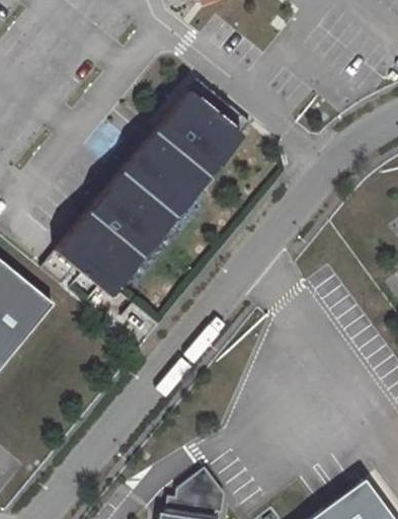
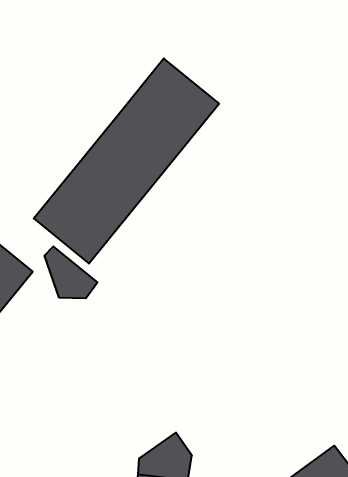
building: none -> [45,246,97,298]

